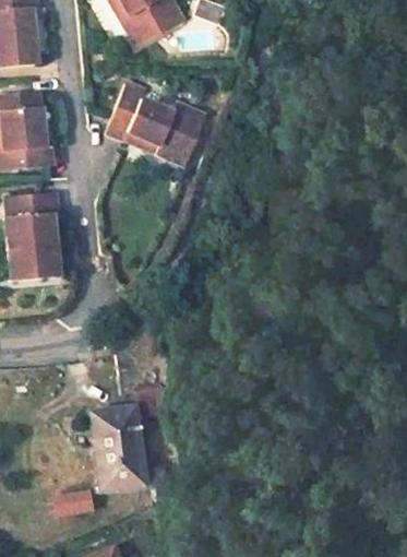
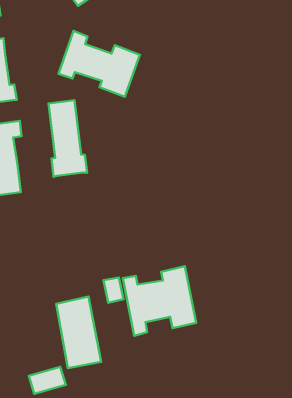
building: none -> [48,100,87,177]
building: none -> [123,266,196,336]

